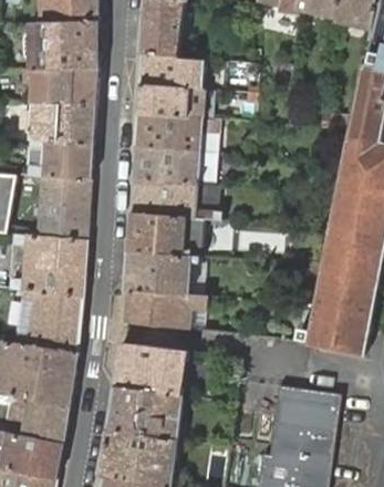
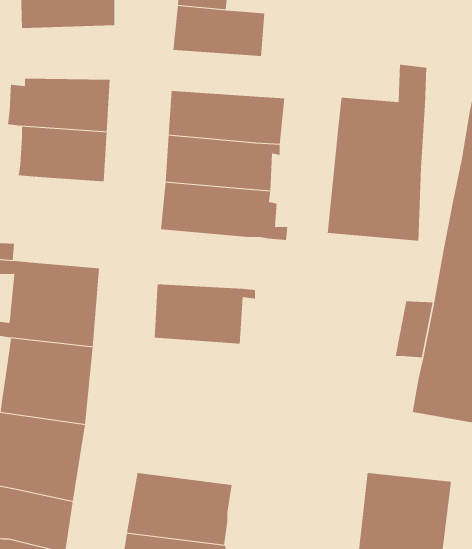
building: [22,66,97,105] -> none
building: [137,84,203,117] -> none
building: none -> [327,64,427,242]
building: [32,175,90,240] -> none
building: [127,213,201,256] -> none
building: [123,290,216,329] -> none
building: [113,342,188,395] -> none

